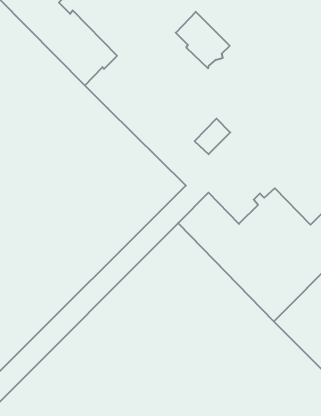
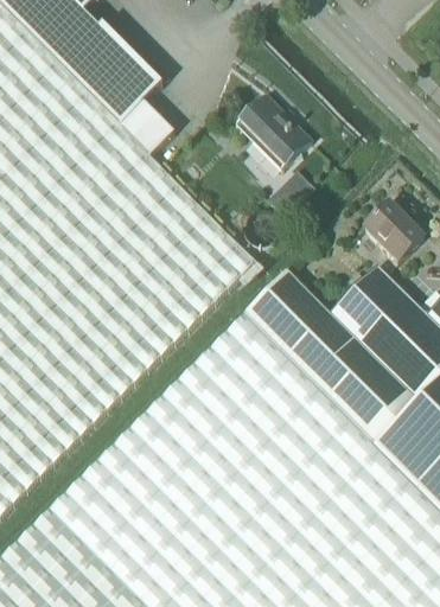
building: [176,12,230,68] -> [236,94,310,171]
building: none -> [116,101,172,156]
building: none -> [362,203,421,262]

